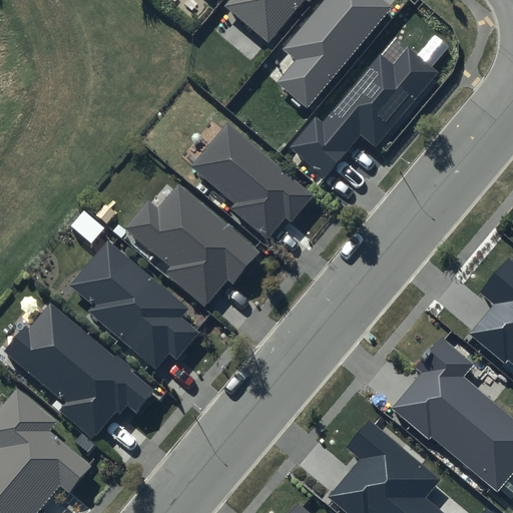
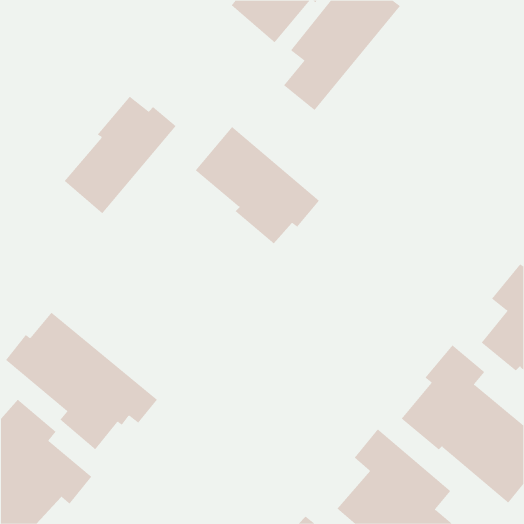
building: [291,46,440,176] -> none
building: none -> [64,96,177,214]
building: [125,184,261,308] -> none
building: [68,239,198,368] -> none

